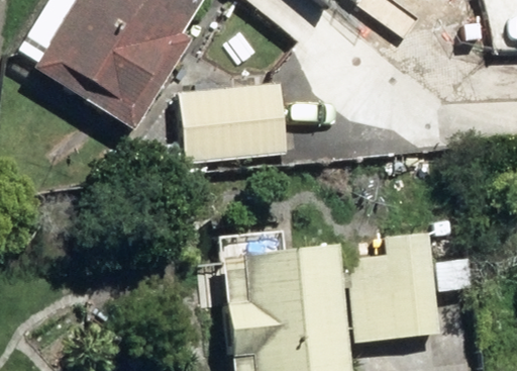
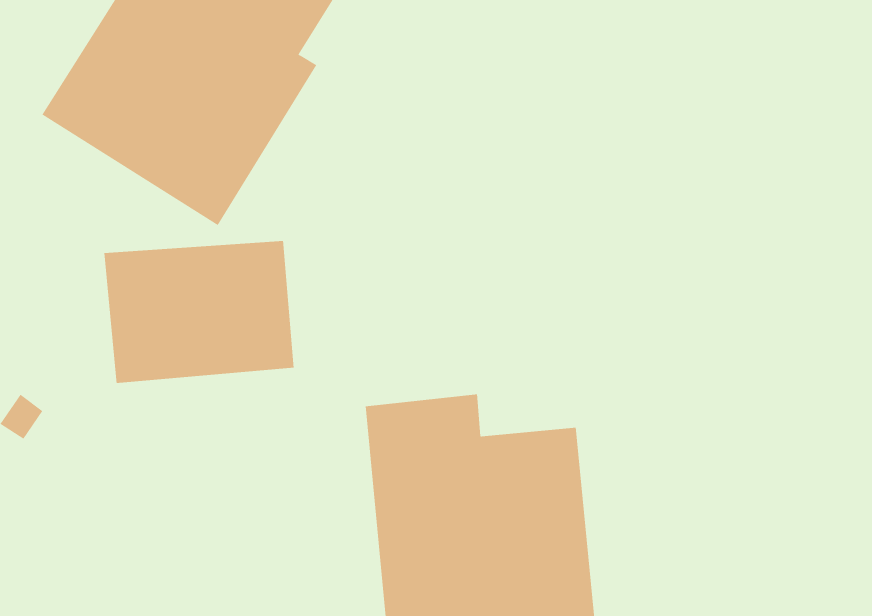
building: [177,82,286,164] -> [104,241,294,384]
building: [347,249,440,343] -> none

